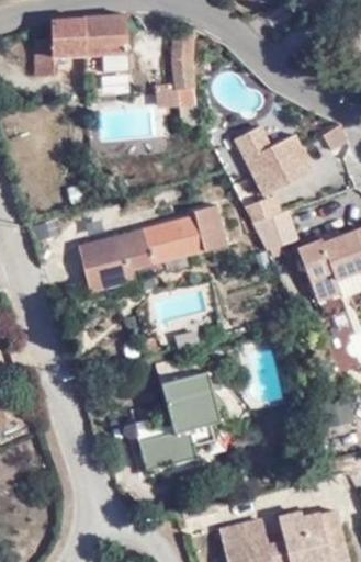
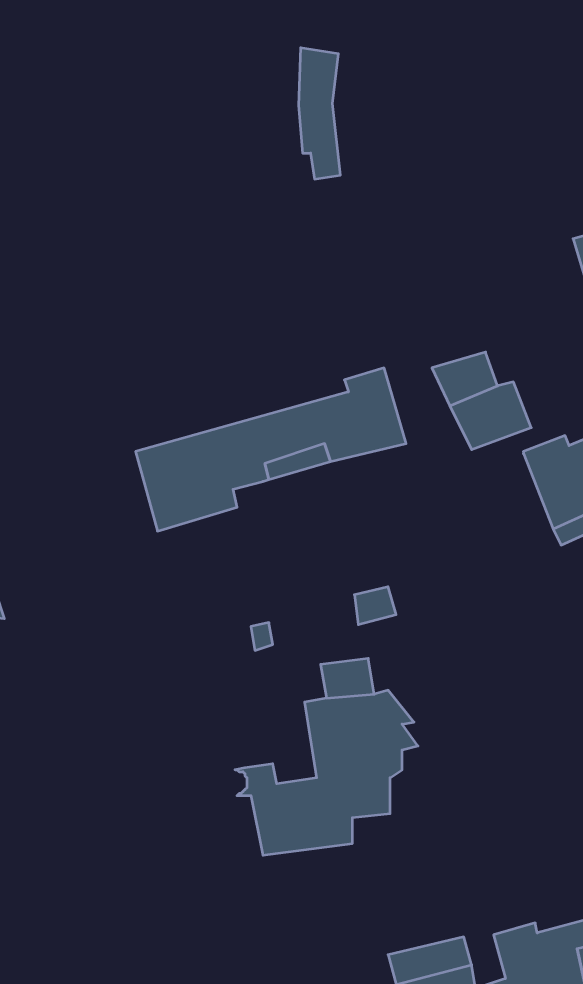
building: [35,14,128,78] -> none
building: [235,123,313,191] -> none

